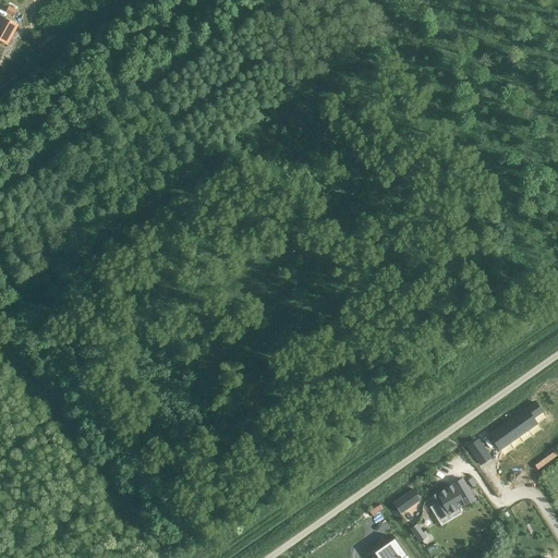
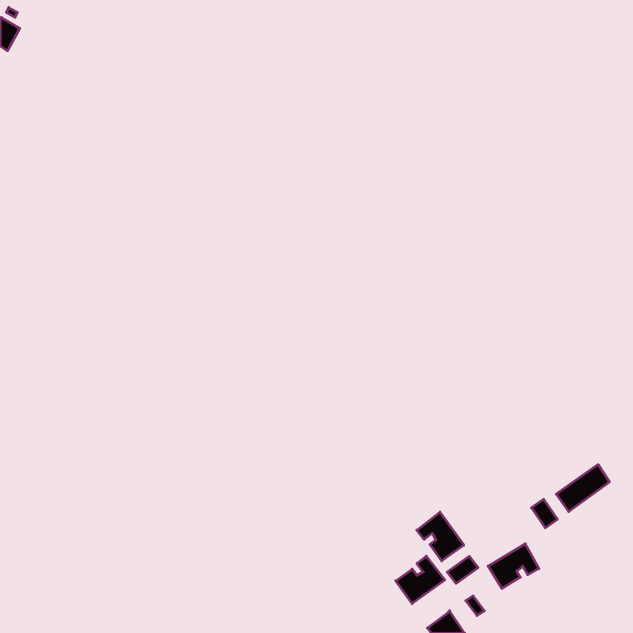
building: none -> [417,512,464,561]
building: none -> [396,556,445,604]

